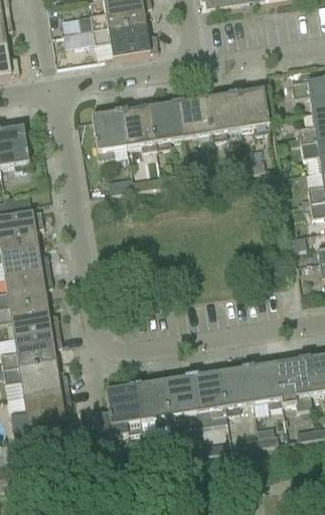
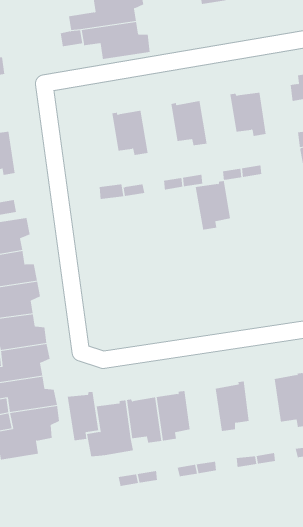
building: [204,91,238,138] -> [195,180,231,230]
building: [148,100,182,147] -> none
building: [92,109,126,156] -> none
building: [247,362,281,405] -> none
building: [190,371,225,424] -> none
building: none -> [67,391,99,441]

